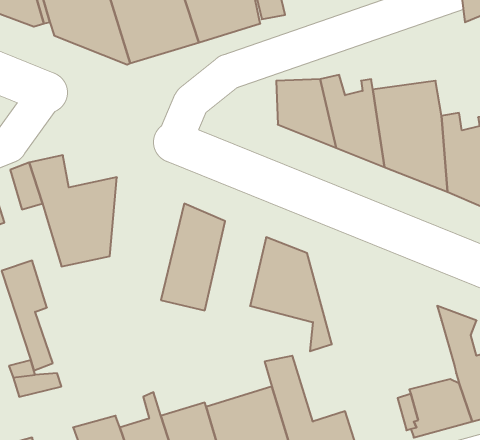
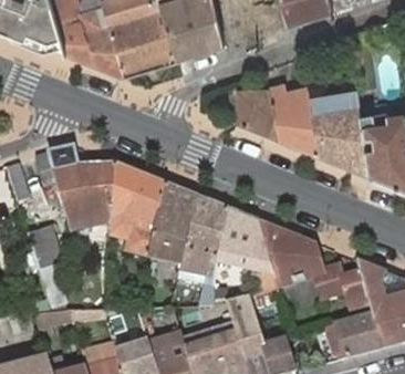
building: none -> [108,160,165,253]
building: none -> [177,194,227,303]
building: none -> [258,218,370,308]

